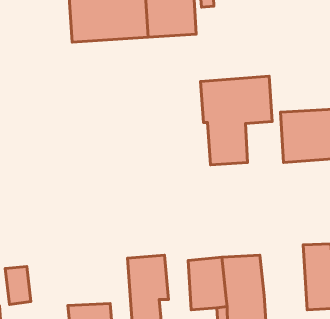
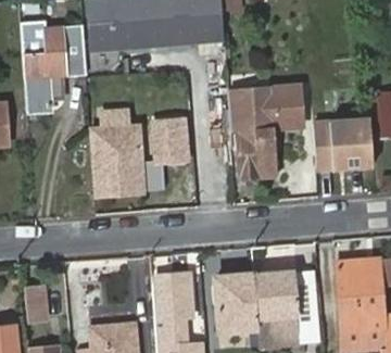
building: none -> [22,28,86,115]
building: none -> [92,118,182,192]

